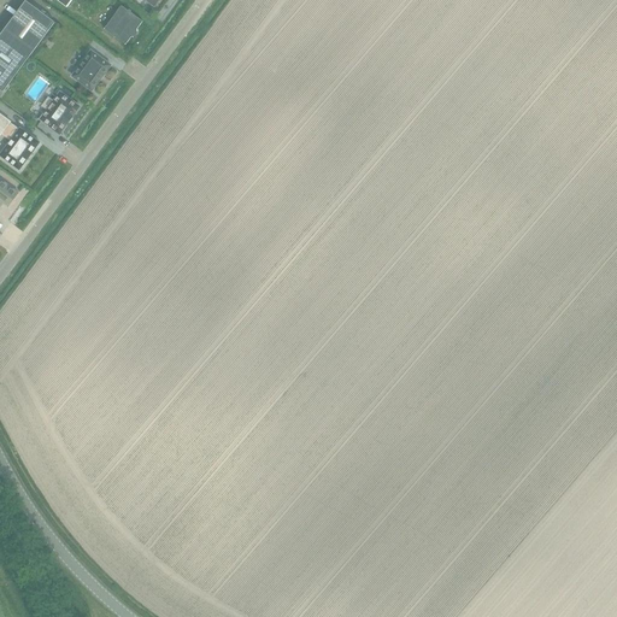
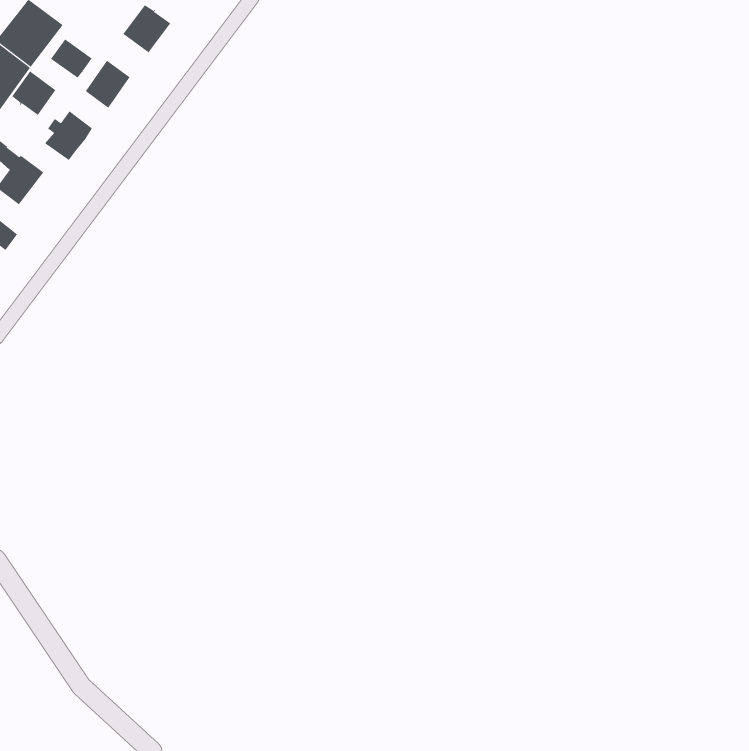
building: none -> [50,39,93,79]
building: none -> [12,71,56,116]

